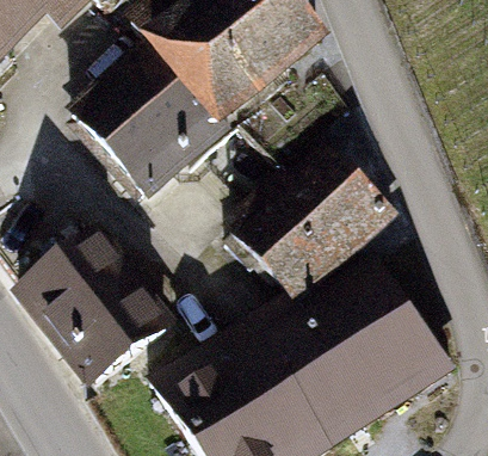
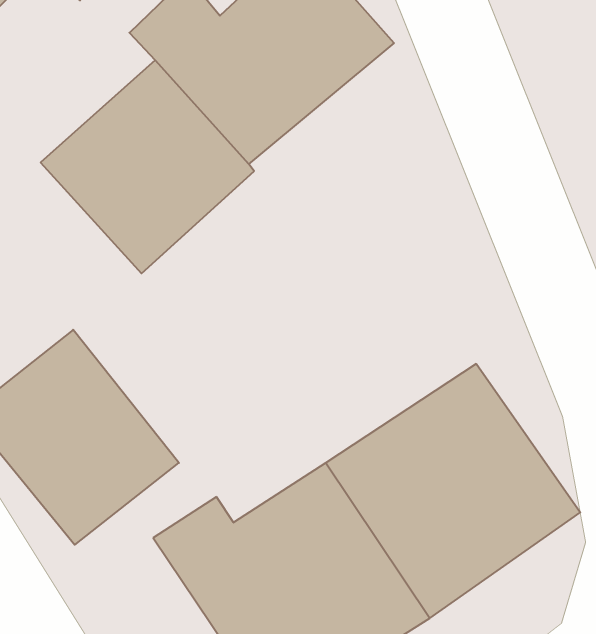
building: [227,152,395,301] -> none

